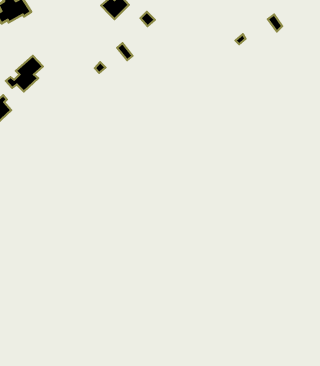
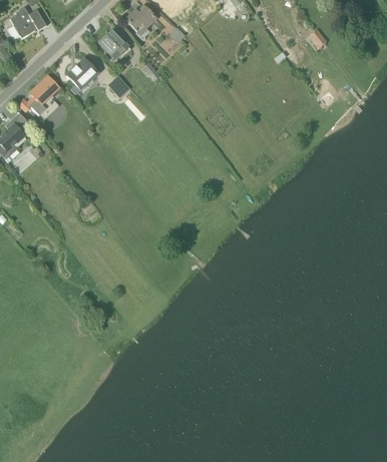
building: none -> [99,27,129,58]
building: none -> [67,57,98,88]

